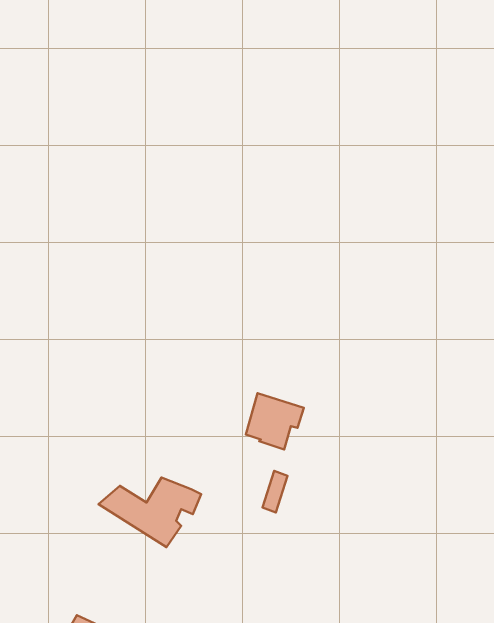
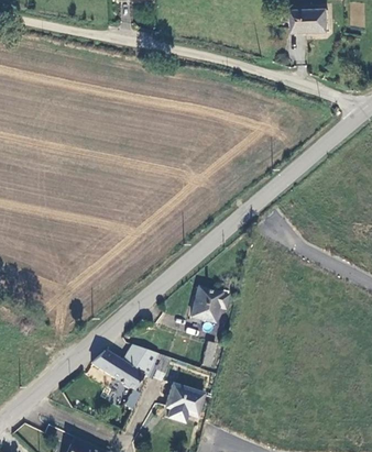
building: none -> [166,389,200,422]

